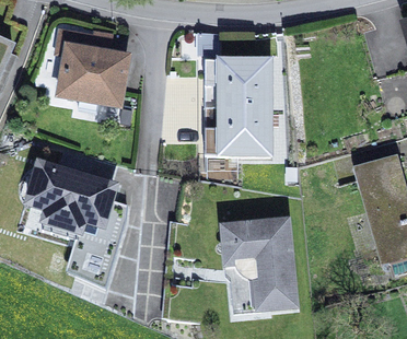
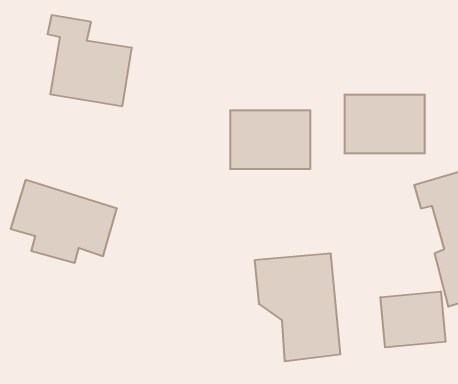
building: [205,60,269,107] -> [344,95,425,153]
building: none -> [380,291,446,347]

